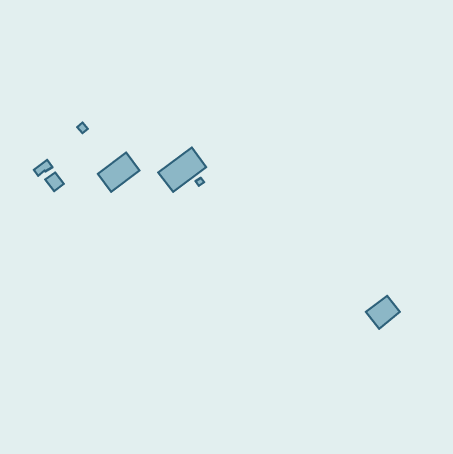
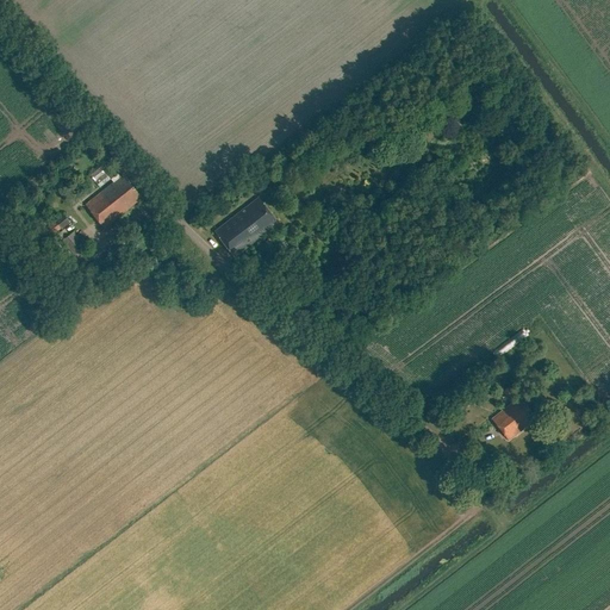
building: [98,153,140,192] -> [85,175,141,228]

